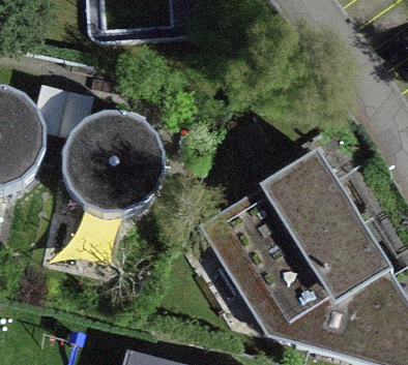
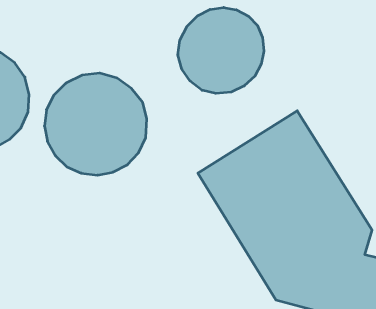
building: none -> [178,7,264,93]

